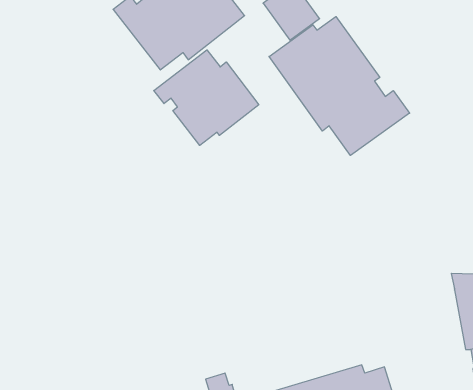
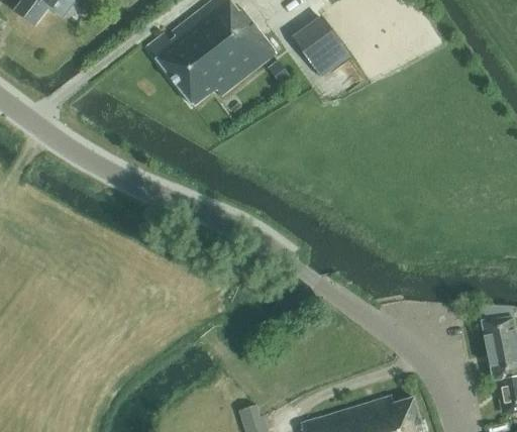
building: [269,17,410,155] -> none
building: [154,50,259,145] -> none

